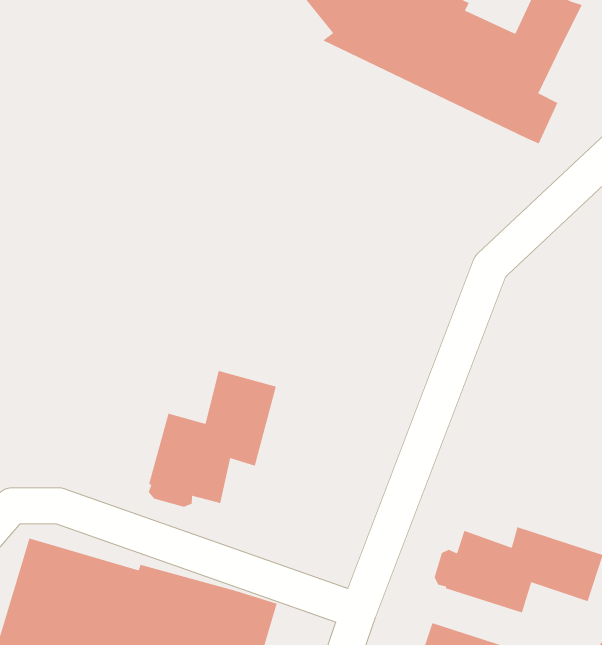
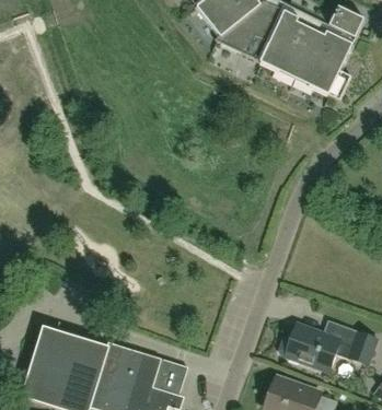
building: [148,370,276,508] -> none

